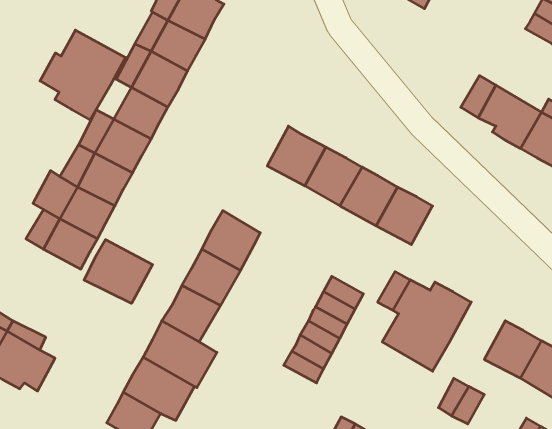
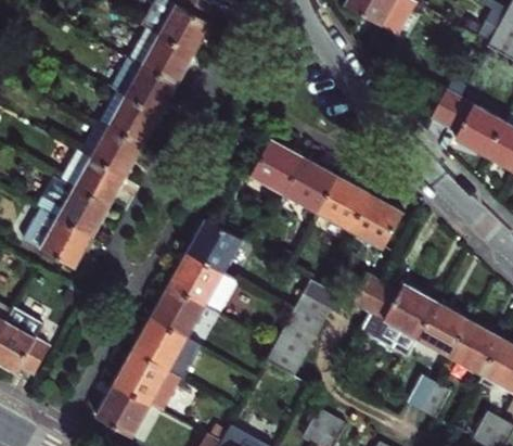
building: [40,30,126,120] -> none
building: [84,240,153,303] -> none
building: none -> [418,302,469,355]

